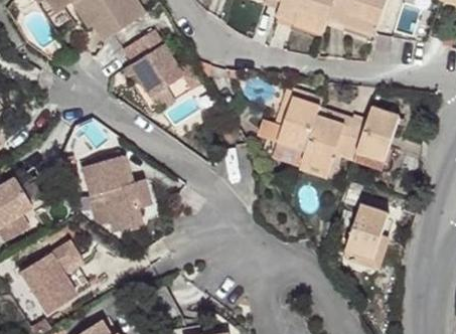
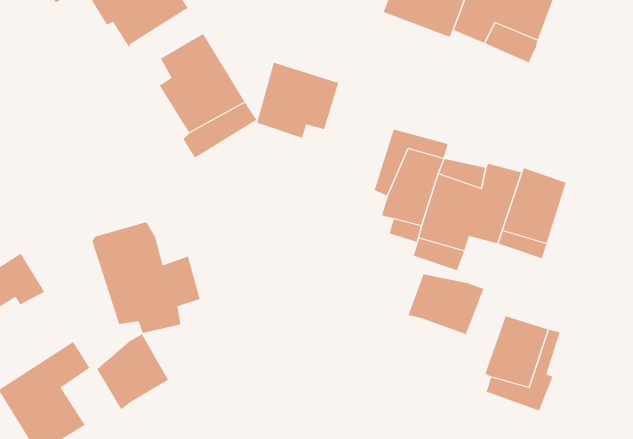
building: none -> [256,62,339,138]
building: none -> [408,274,484,335]
building: none -> [96,334,169,410]

